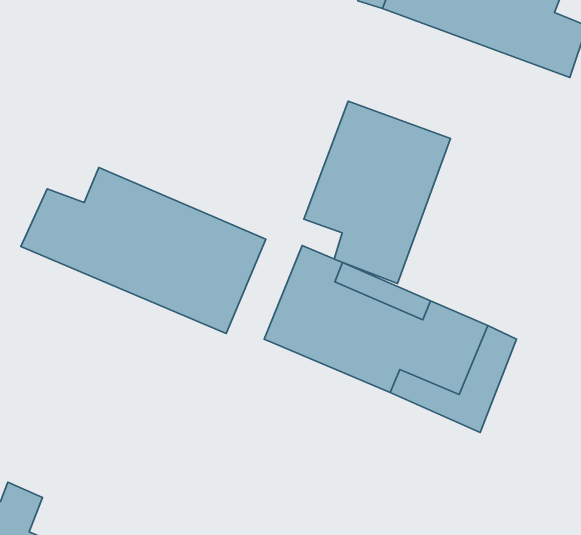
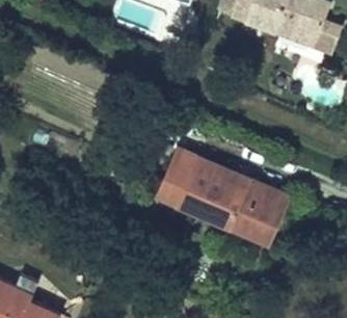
building: [304,101,451,284] -> none
building: [21,167,266,333] -> none

